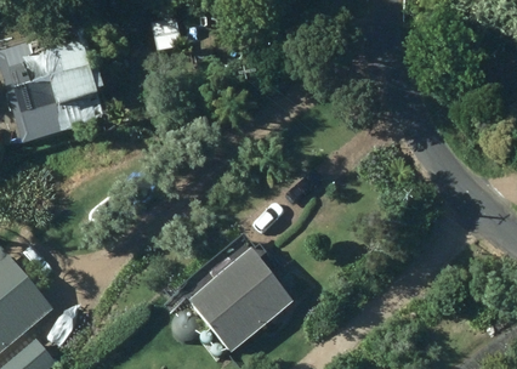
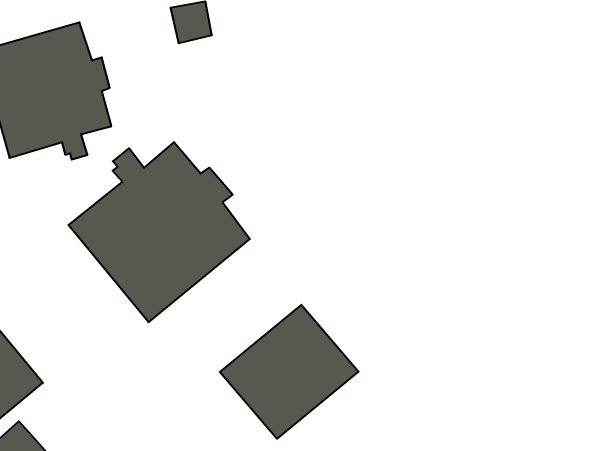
building: none -> [68,142,250,322]

